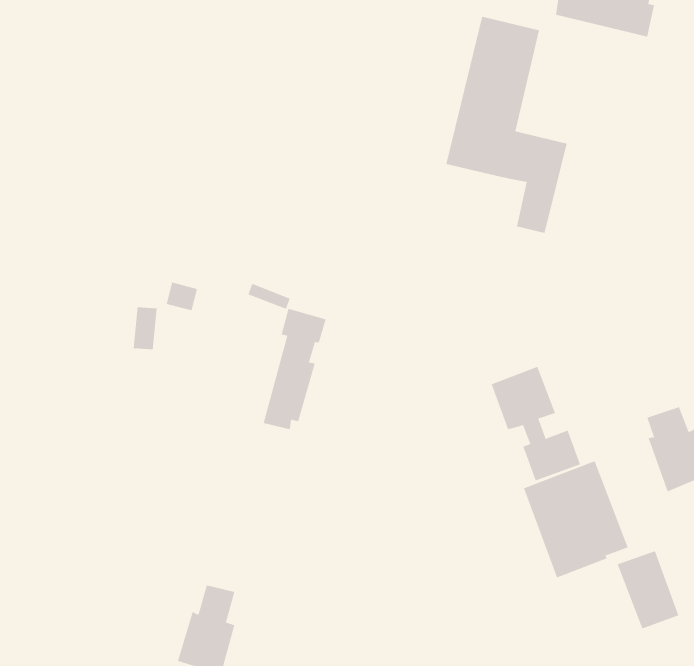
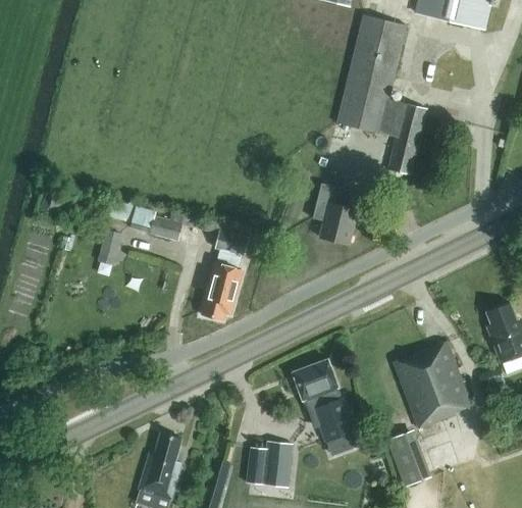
building: none -> [312,183,357,244]
building: none -> [149,215,181,241]
building: [491,366,581,481] -> [293,359,359,444]
building: [617,550,679,629] -> [386,428,432,487]
building: none -> [245,443,293,488]

